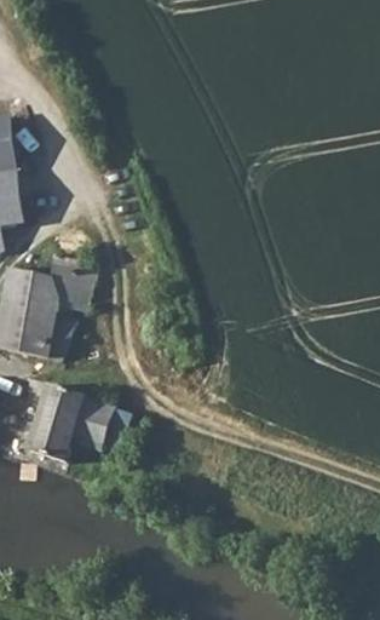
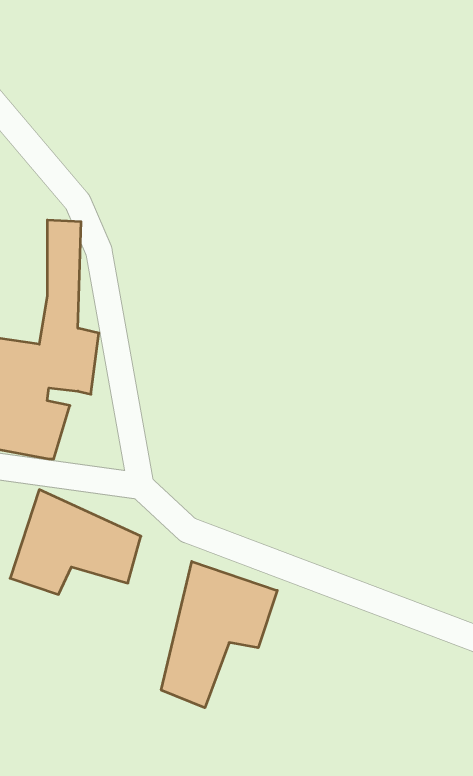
building: none -> [161,561,277,708]

